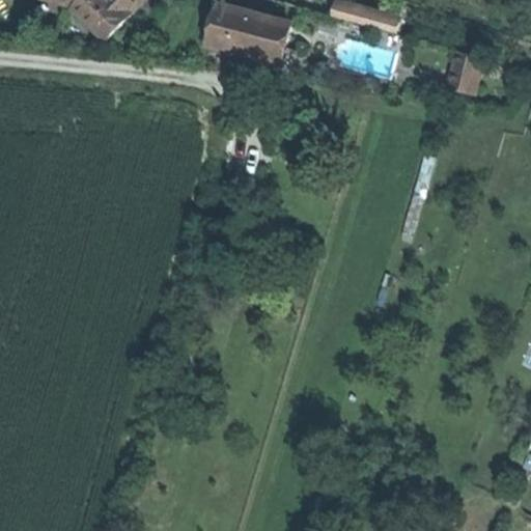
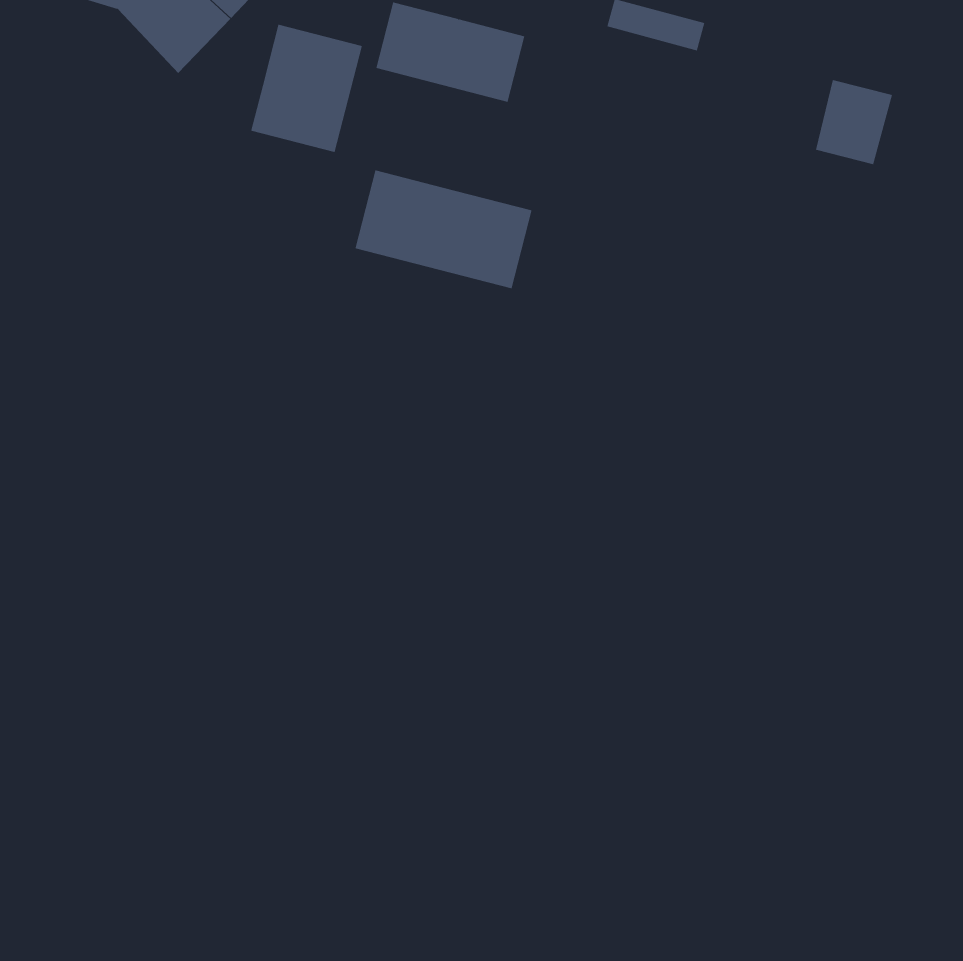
building: none -> [251,24,363,153]
building: none -> [355,170,532,289]

